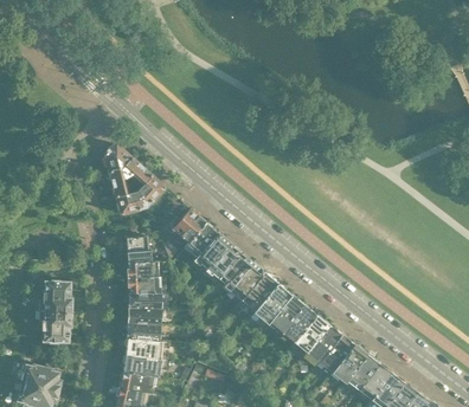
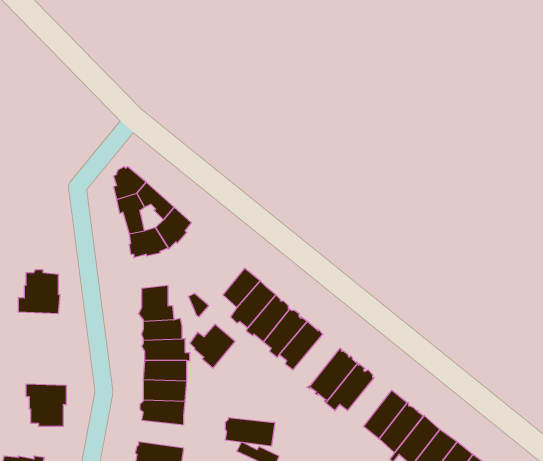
building: [172,211,206,244] -> [190,324,235,368]
building: [243,273,278,312] -> none
building: [40,279,72,312] -> [18,270,60,313]
building: [283,306,317,343] -> none
building: [126,338,163,360] -> [225,418,275,446]

